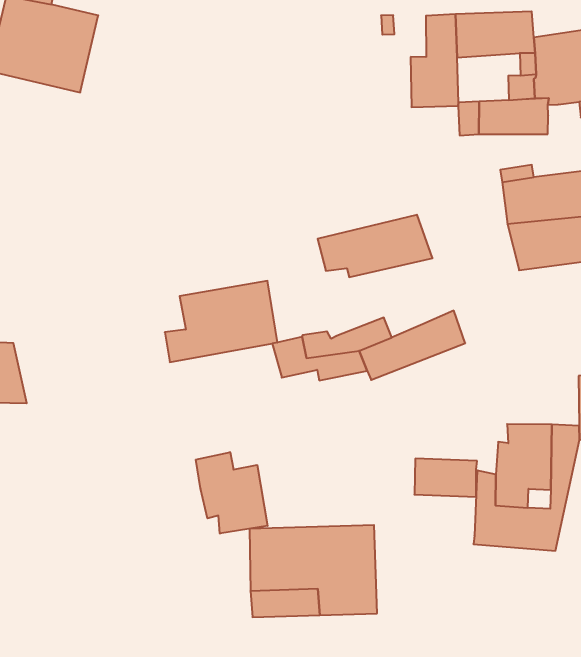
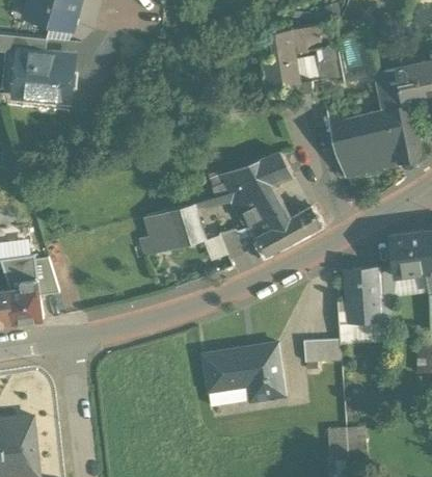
building: none -> [236,187,292,230]
building: [196,452,268,534] -> none
building: [414,459,477,497] -> [301,340,341,365]

